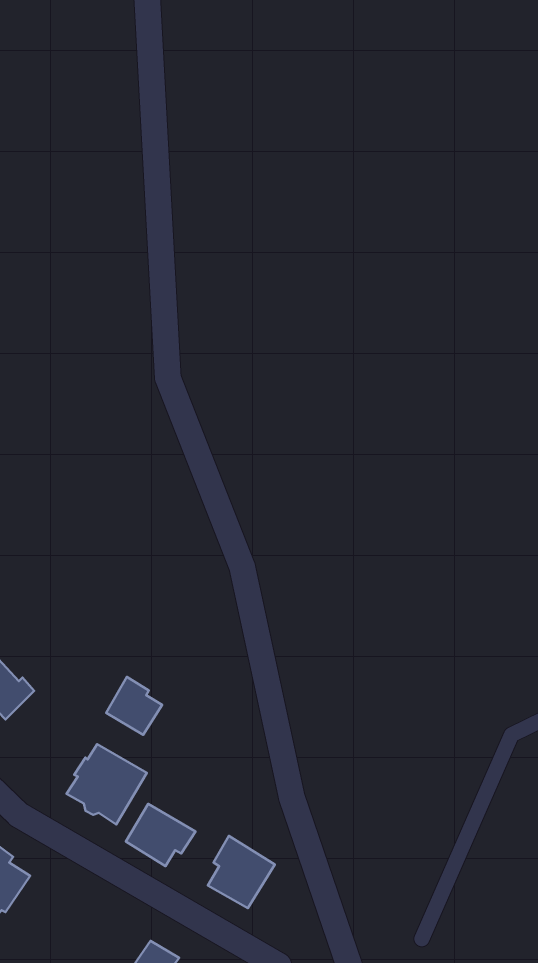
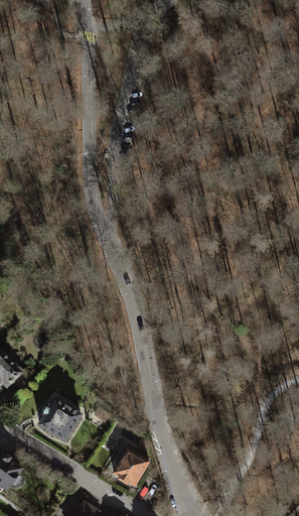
building: [106,677,162,735] -> none
building: [126,804,195,866] -> none

